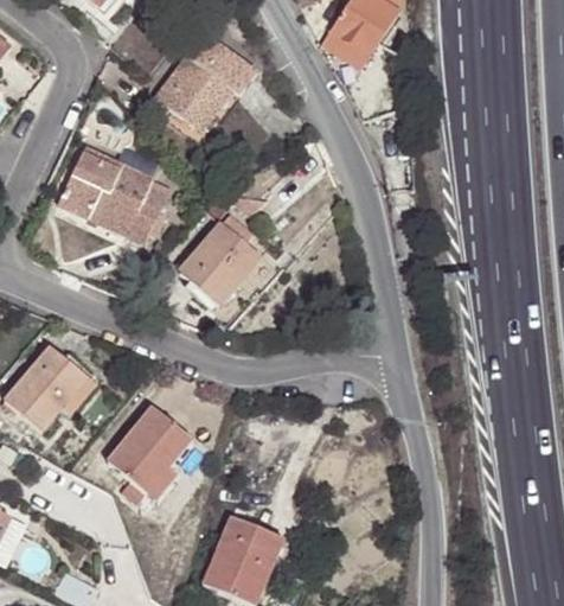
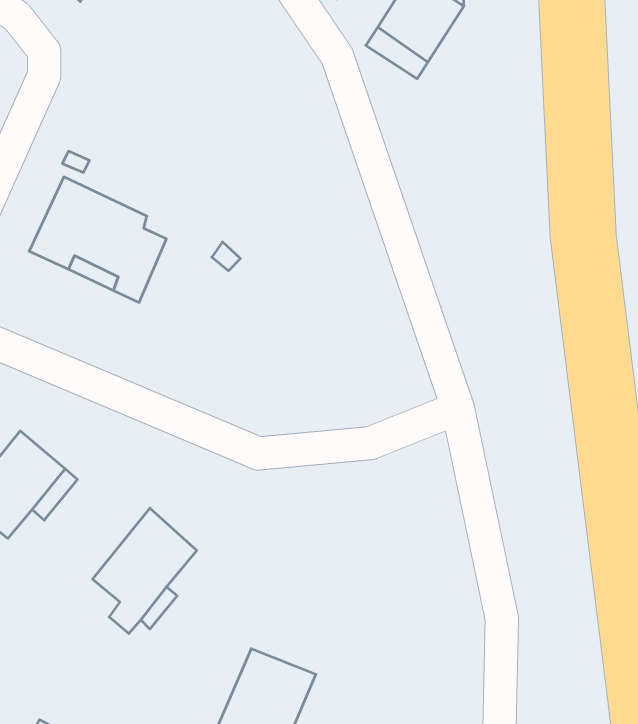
building: [153,30,256,134] -> none
building: [179,212,258,305] -> none

